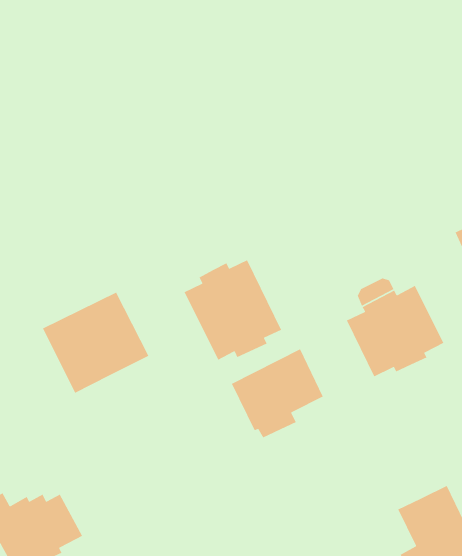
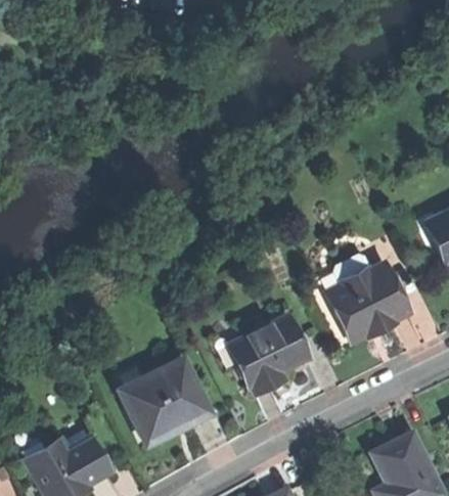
building: [183,259,282,361] -> none
building: [42,291,149,394] -> [122,360,212,446]

